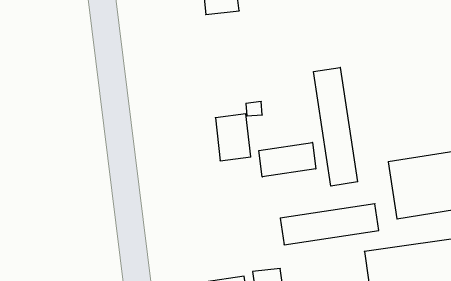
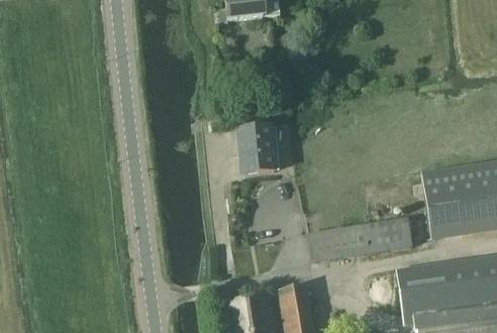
building: [314,67,358,186] -> none
building: [259,142,316,177] -> none

